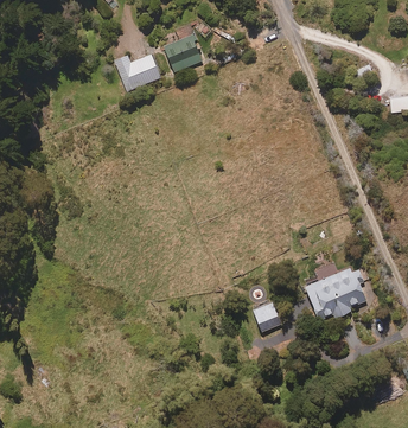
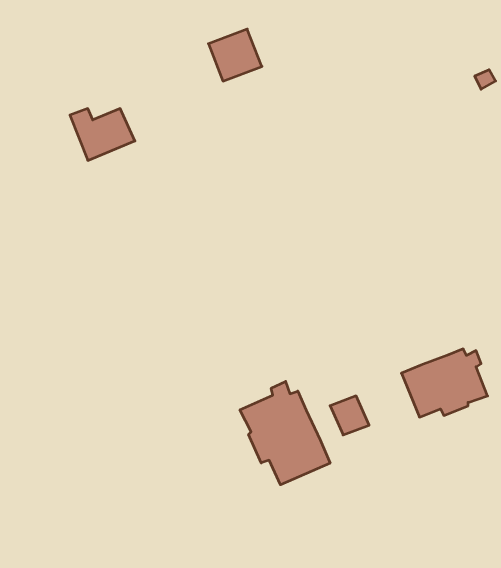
building: [114,53,161,91] -> [70,109,135,160]
building: none -> [240,381,330,485]

